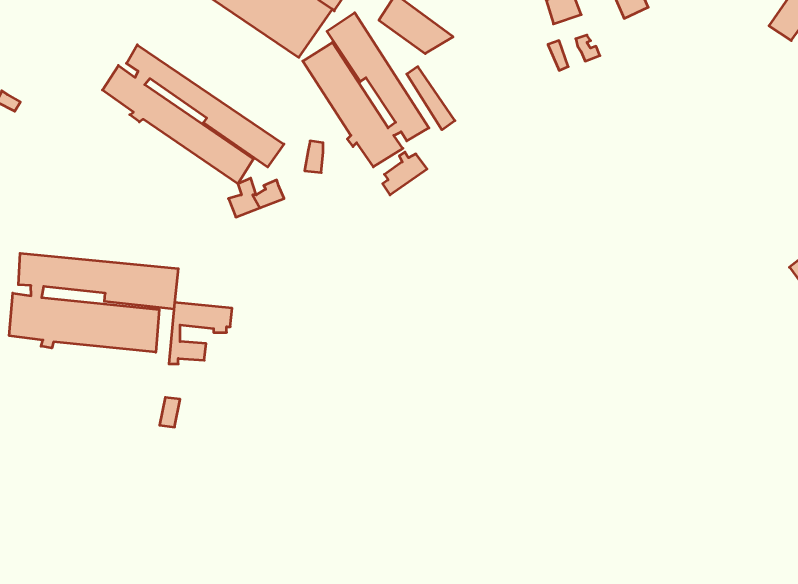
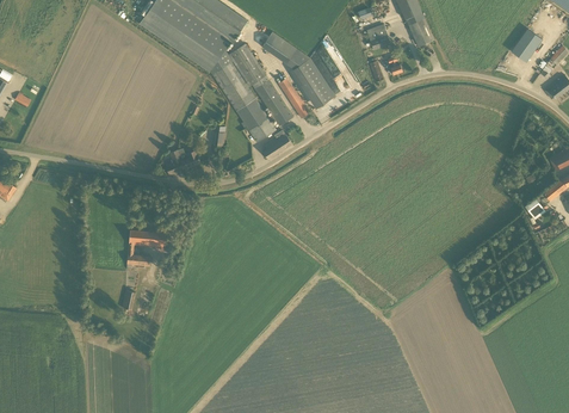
building: none -> [290,58,333,111]
building: [102,45,284,184] -> none
building: [9,253,178,352] -> none

